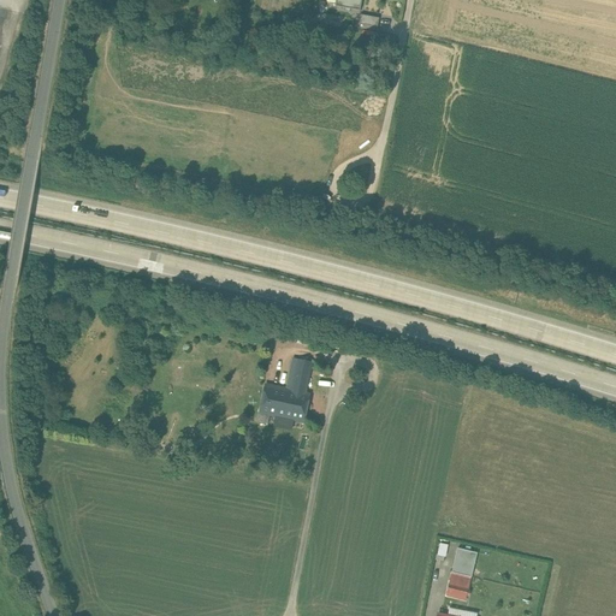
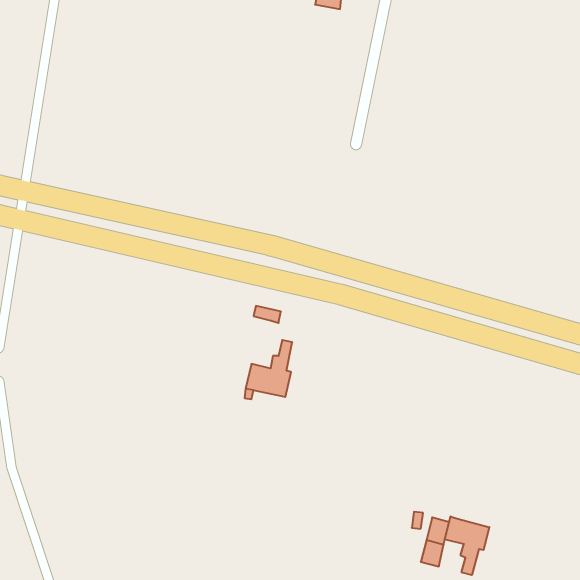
building: none -> [445,516,489,575]

